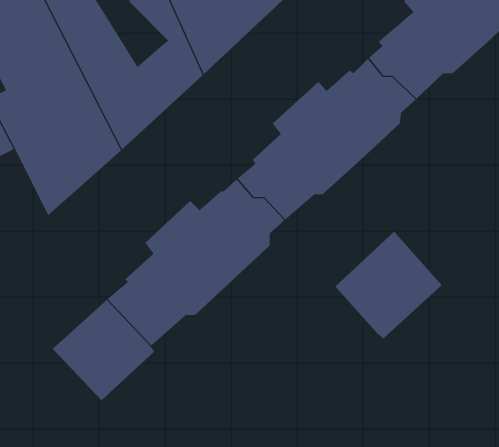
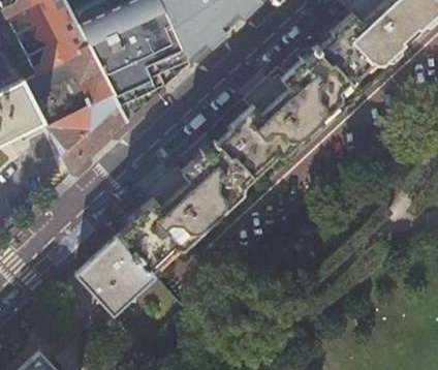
building: [335,231,442,339] -> none

